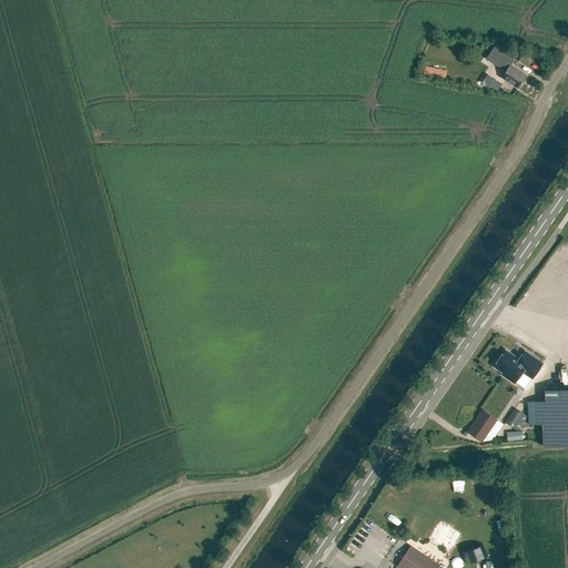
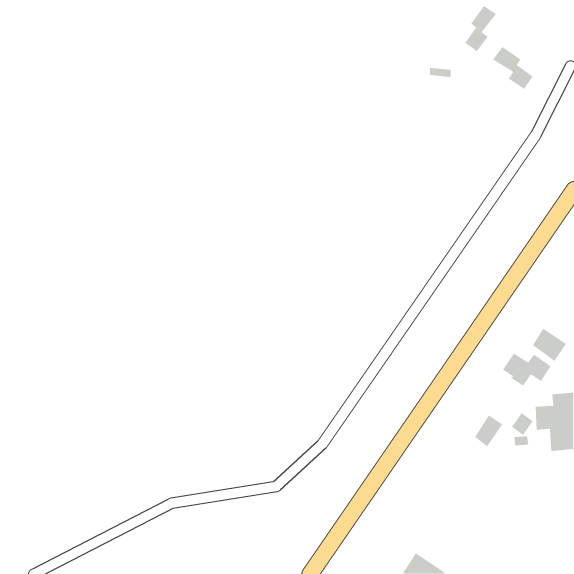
building: none -> [465,5,497,52]
building: none -> [532,328,567,362]

